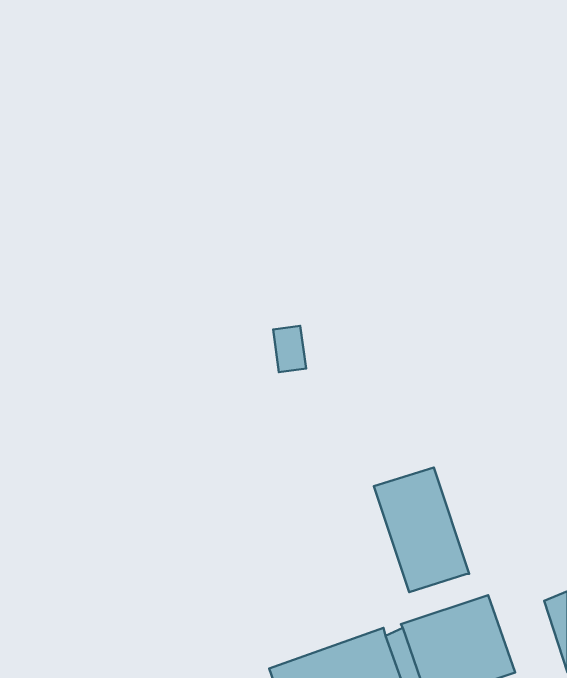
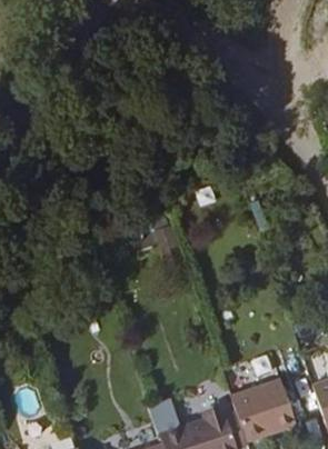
building: [374,468,469,592] -> none

